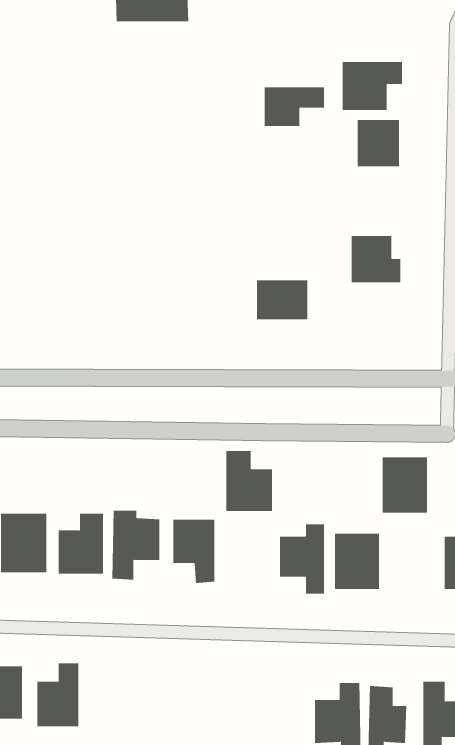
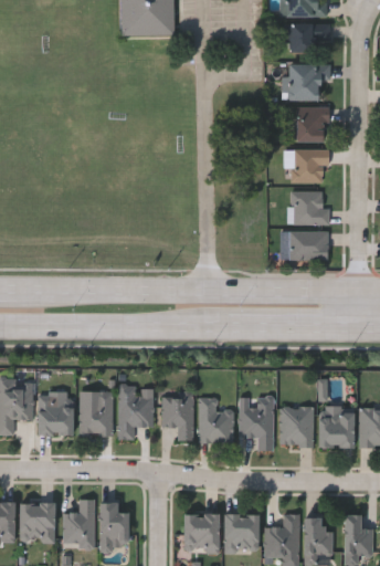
building: [264,87,325,126] -> [285,24,329,53]
building: none -> [291,149,327,182]
building: [256,280,308,320] -> [289,230,327,259]
building: [226,450,273,512] -> [199,398,233,442]
building: [382,457,428,513] -> [319,406,352,447]
building: none -> [99,502,128,551]
building: none -> [183,513,219,551]
building: none -> [223,513,258,552]

